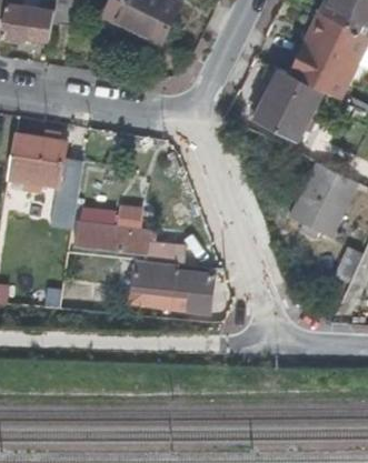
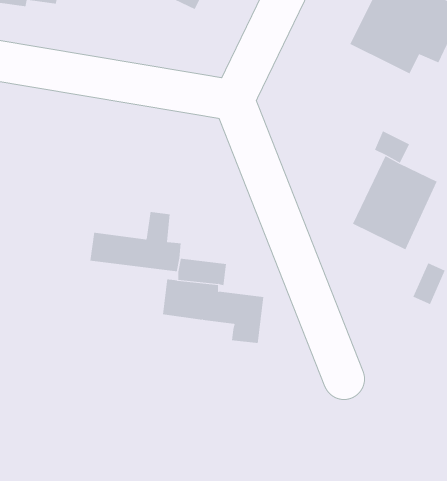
building: [249,66,319,139] -> none
building: [8,134,83,229] -> none

